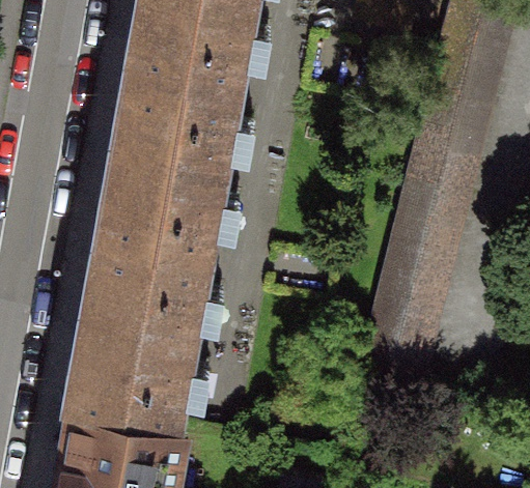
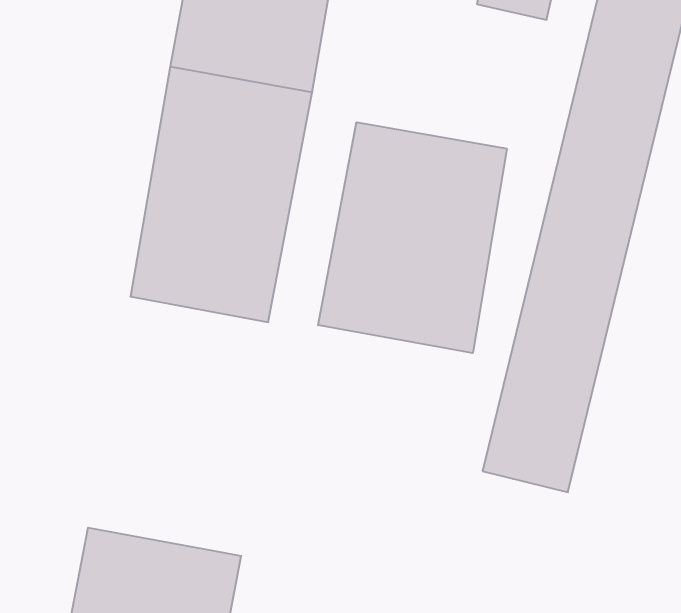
building: none -> [318,122,507,353]
building: [77,217,208,404] -> none

